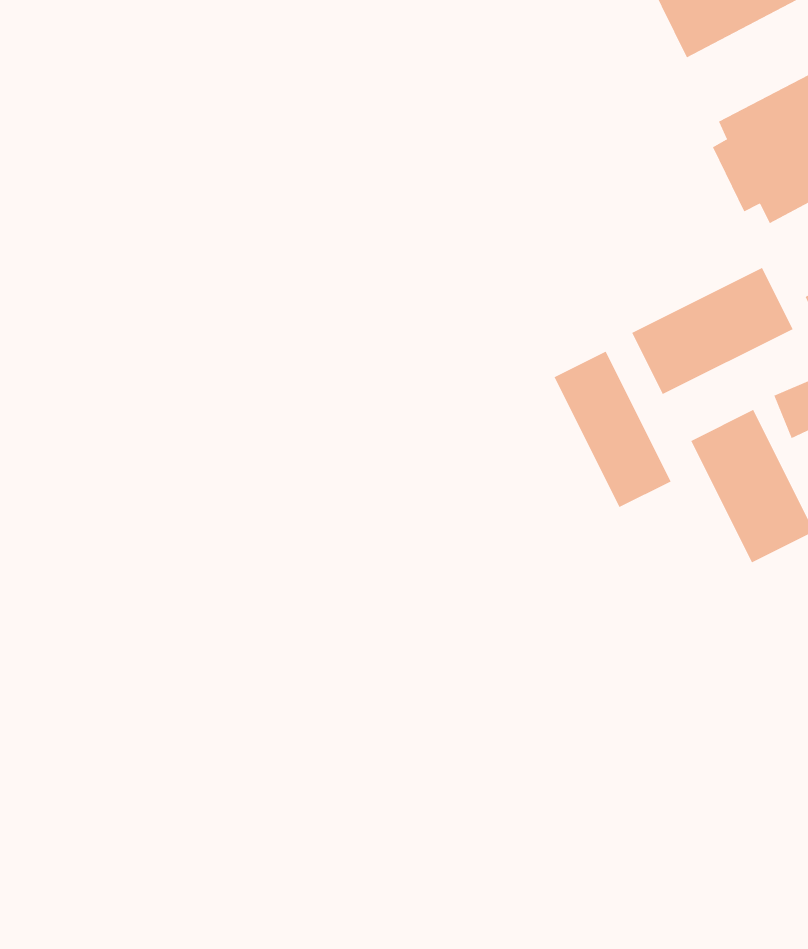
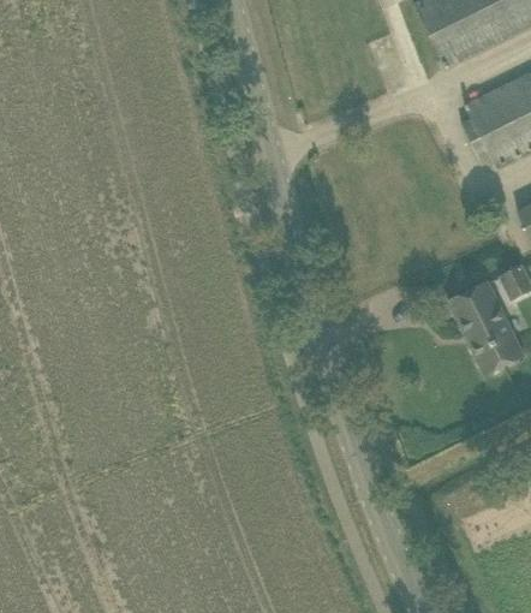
building: [631,267,793,395] -> none
building: [554,351,671,508] -> none

